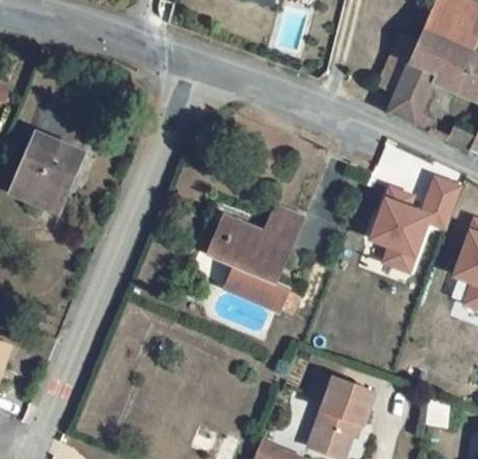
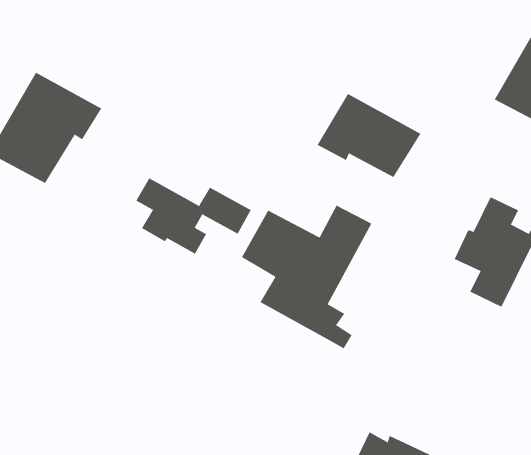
building: none -> [317,93,421,178]
building: none -> [136,178,251,255]

